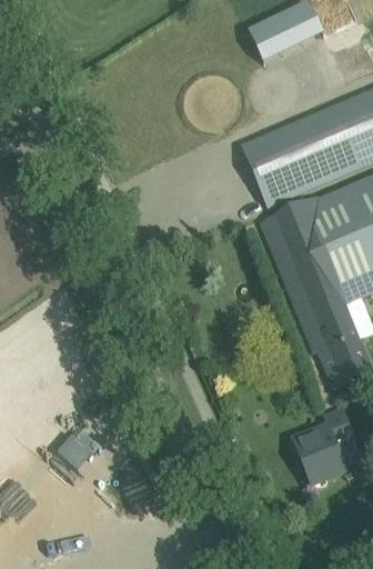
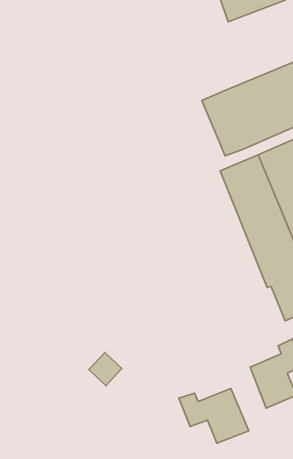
building: [61,431,98,468] -> [89,353,122,386]
building: none -> [179,388,249,443]

